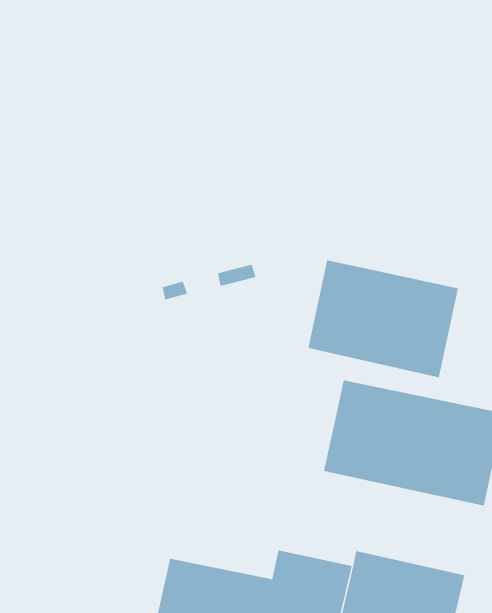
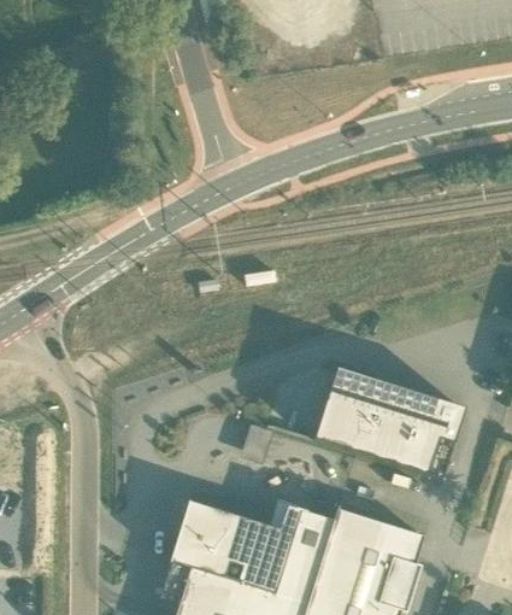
building: [308,259,459,378] -> none

